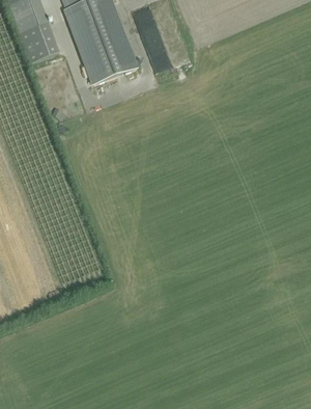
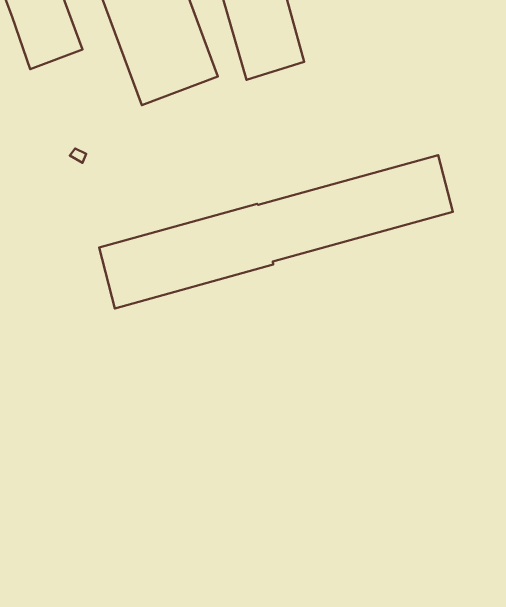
building: none -> [99,155,453,308]

